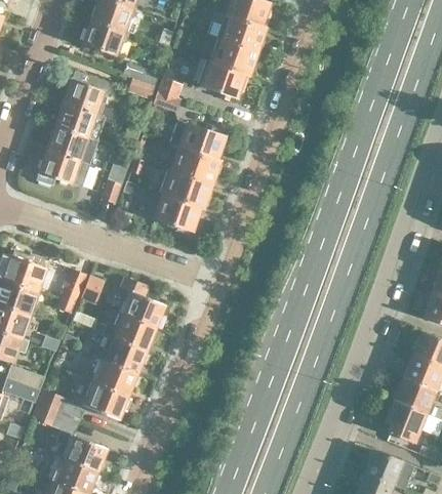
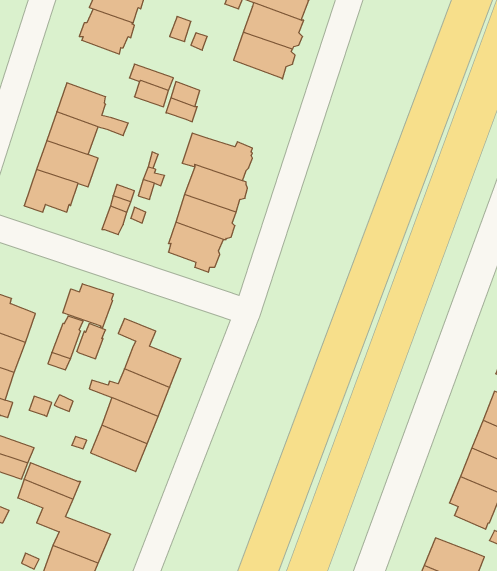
building: [197,59,247,99] -> none
building: none -> [63,284,114,329]
building: [81,381,128,419] -> none

